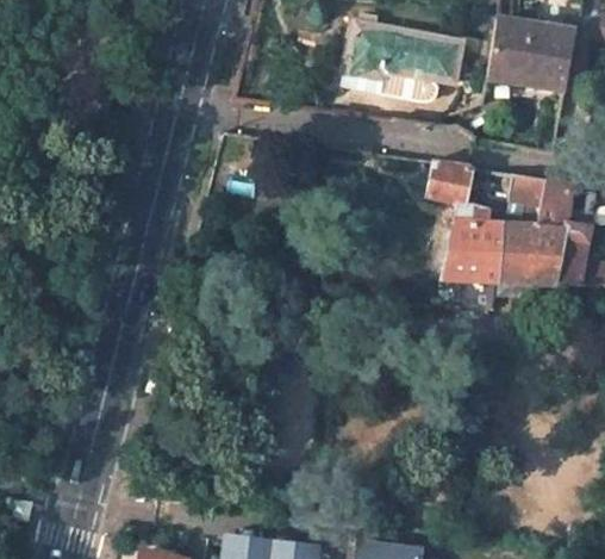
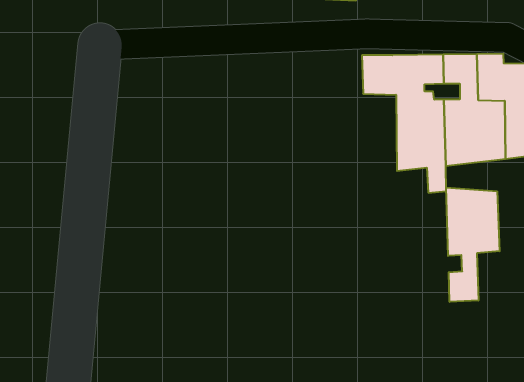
building: none -> [446,187,500,302]

